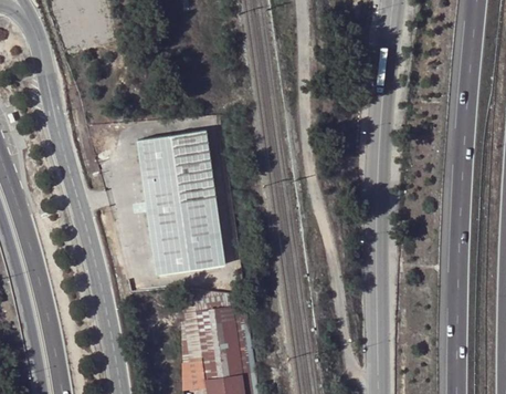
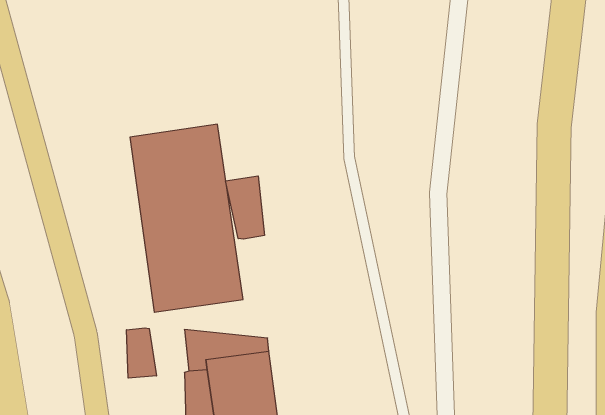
building: none -> [226,176,264,239]
building: none -> [127,328,156,378]

